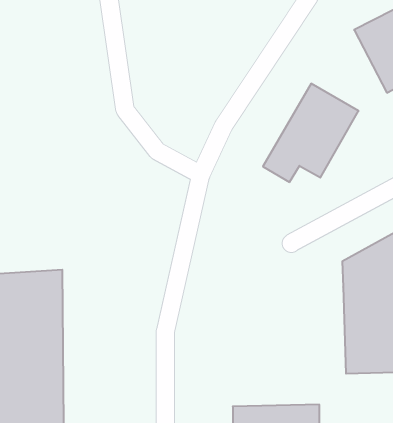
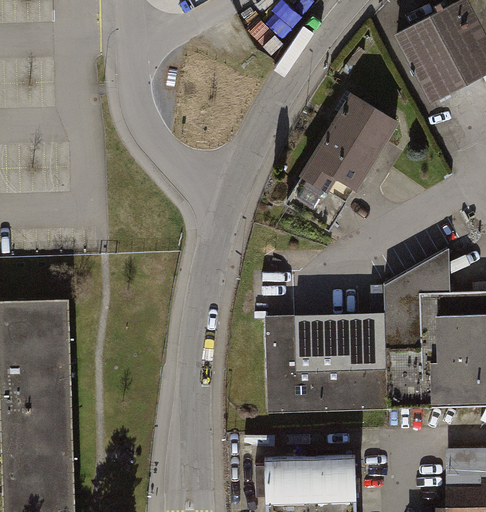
building: none -> [263,315,385,415]

